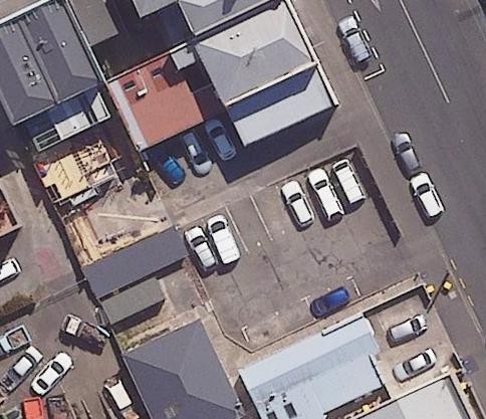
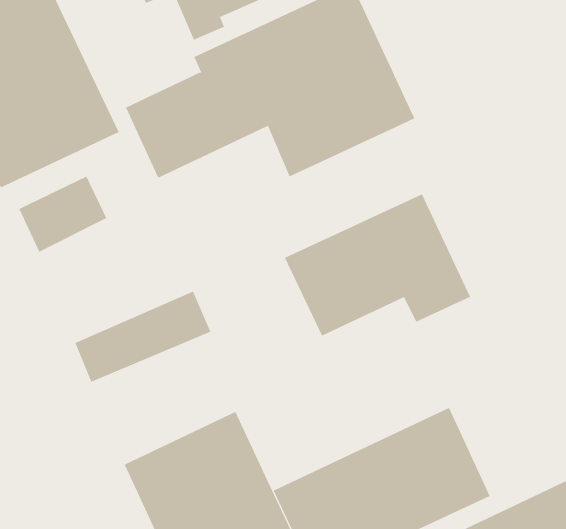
building: none -> [284,193,471,336]

